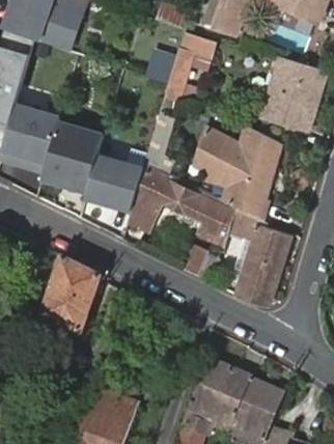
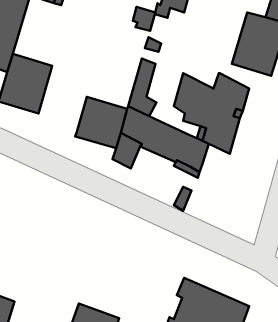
building: [40,122,104,193] -> none
building: [229,206,289,305] -> none
building: [40,256,101,336] -> none

